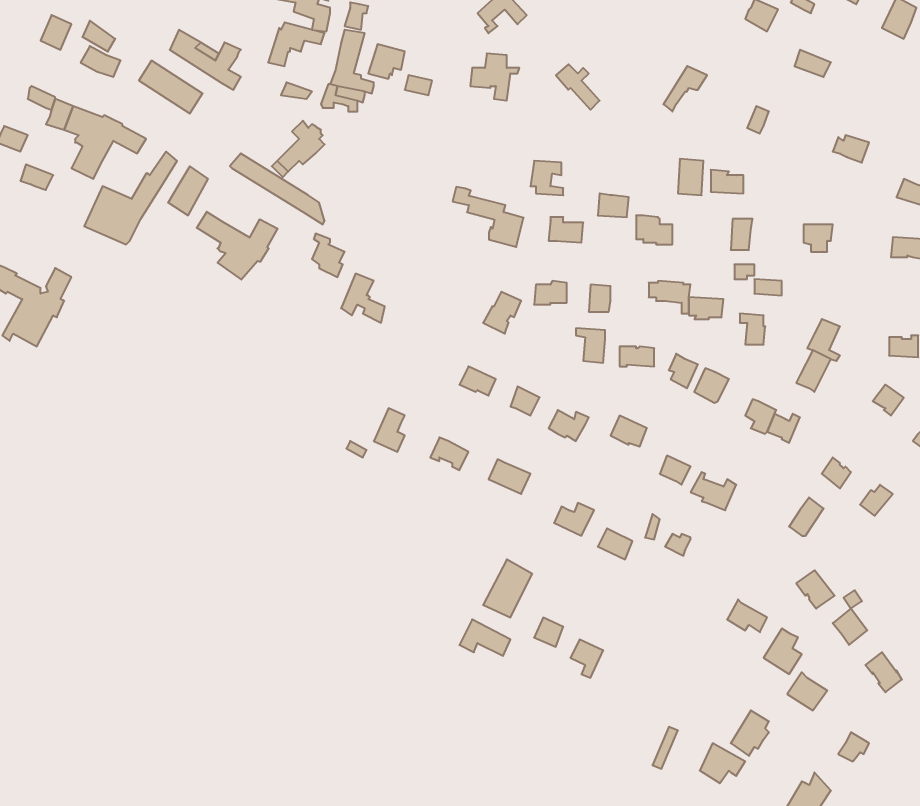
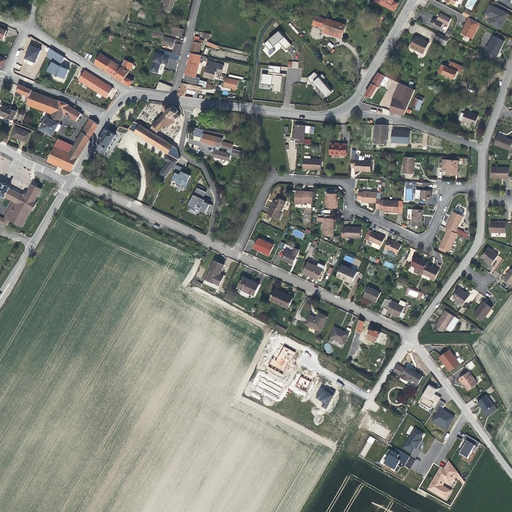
building: none -> [389,83,414,115]
building: [453,187,524,247] -> [193,128,232,161]
building: [197,212,278,280] -> none

